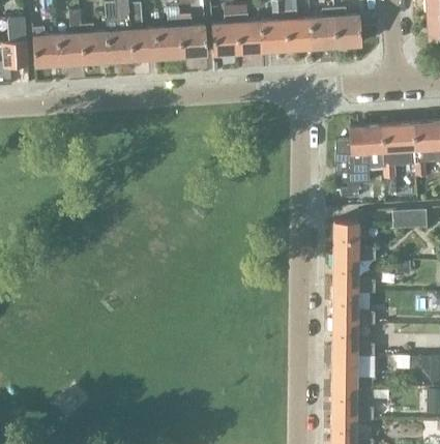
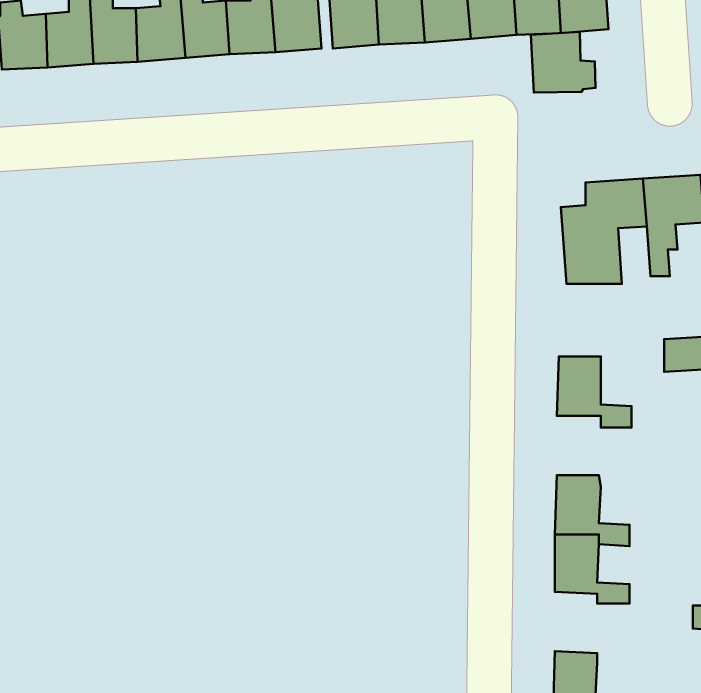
building: none -> [531,32,595,92]
building: [334,255,375,293] -> none
building: [333,350,373,388] -> none

